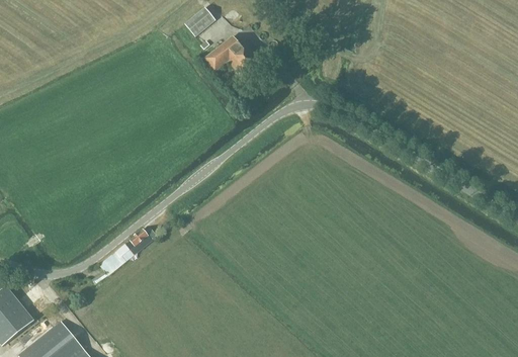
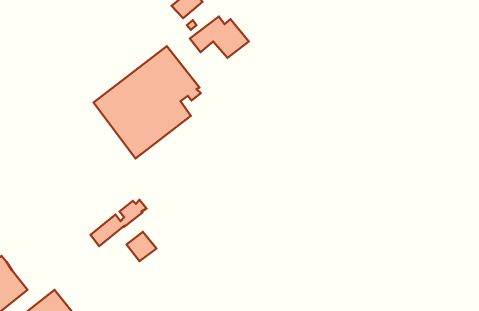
building: none -> [94,46,201,158]
building: none -> [127,232,157,261]

